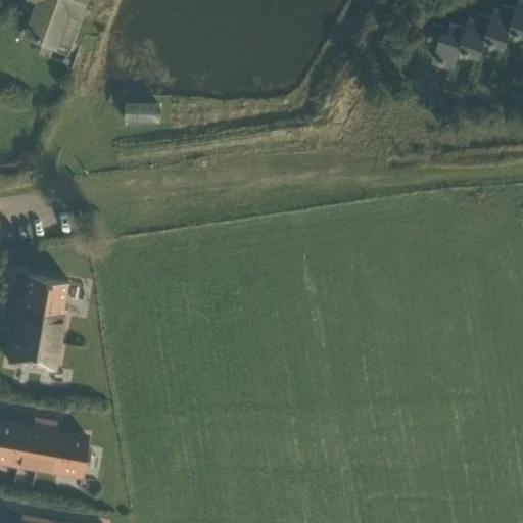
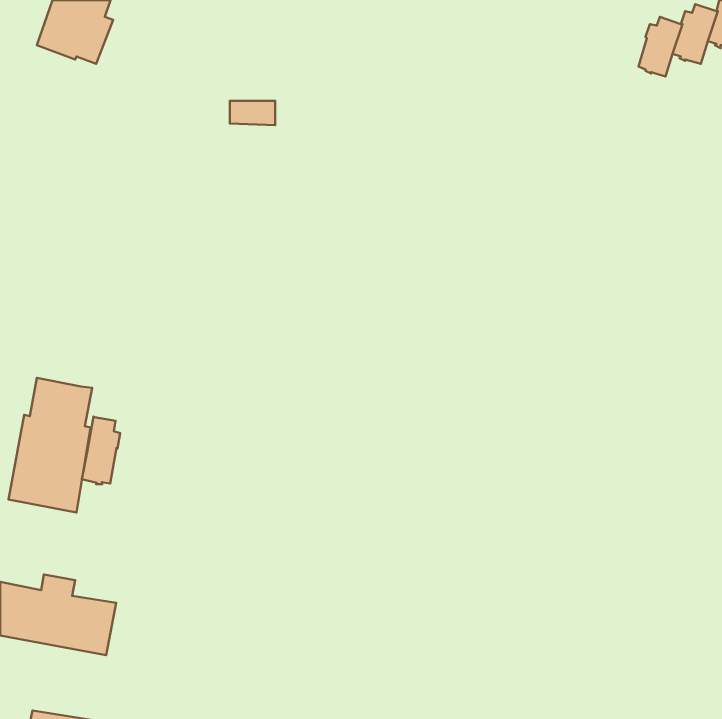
building: [428,25,468,67] -> none
building: [126,106,158,124] -> [230,101,275,125]
building: none -> [82,417,120,484]

